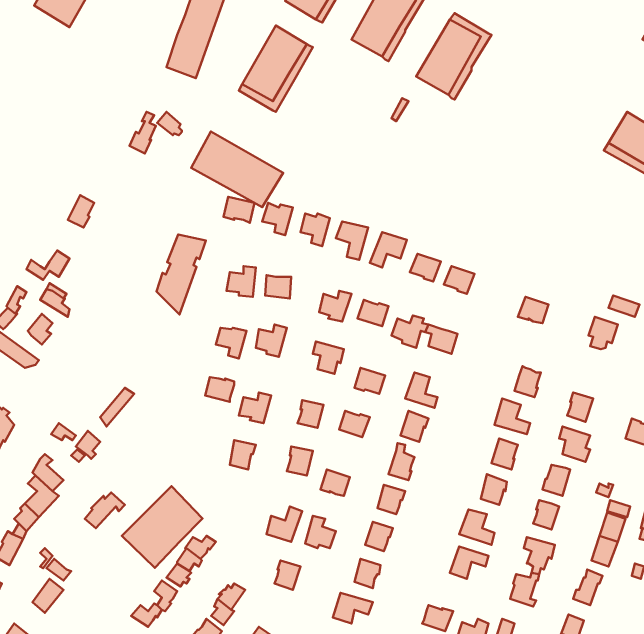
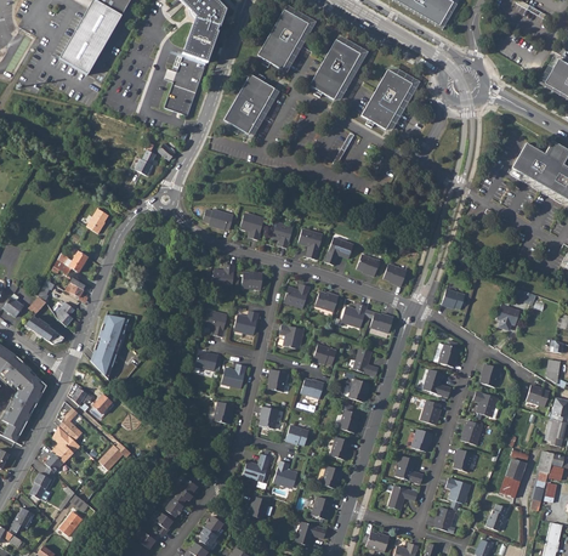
building: [191,132,283,207] -> none
building: [156,234,206,315] -> [90,314,129,378]
building: [122,486,203,568] -> none

